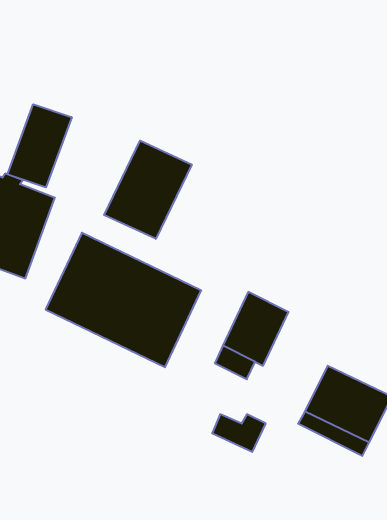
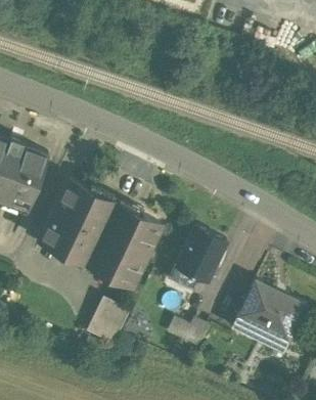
building: [8,104,72,187] -> none
building: [104,141,192,239] -> none
building: none -> [90,297,133,344]

